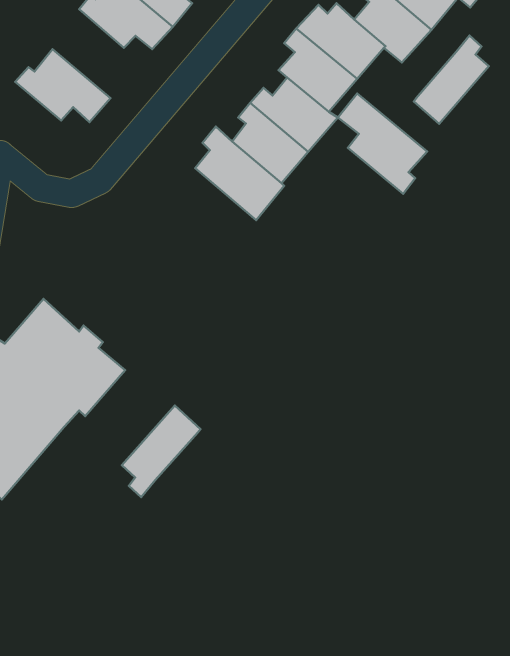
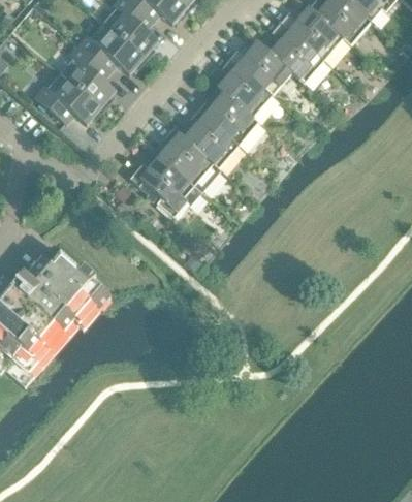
building: none -> [60,44,114,106]
building: [414,36,489,124] -> none
building: [338,93,427,194] -> none
building: none -> [129,155,201,215]
building: [122,405,200,497] -> none

